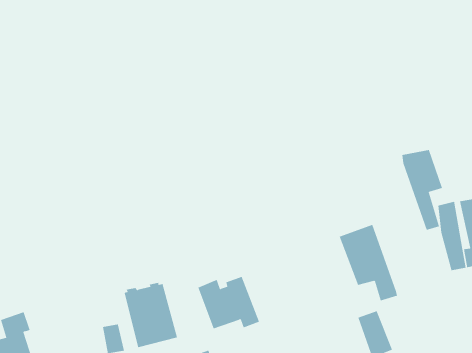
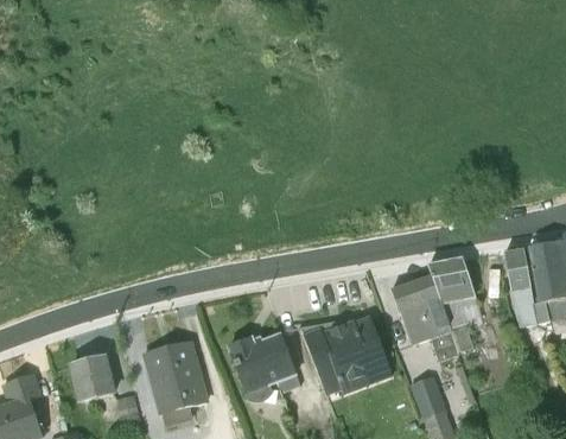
building: [401,150,443,231] -> [428,257,476,350]
building: none -> [301,317,394,395]
building: none -> [69,356,114,402]

